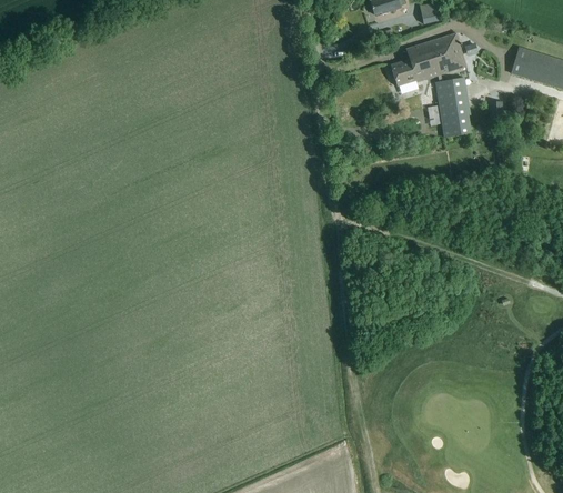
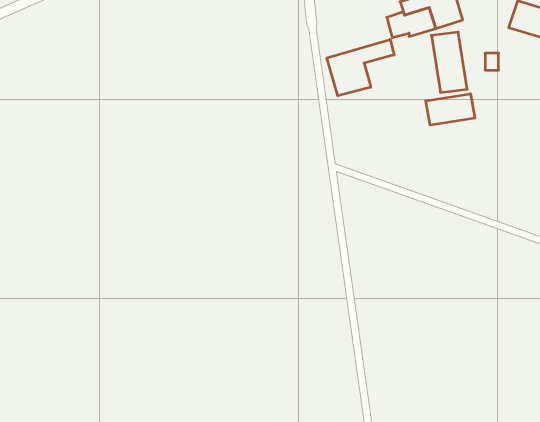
building: none -> [327,39,394,96]
building: none -> [426,94,475,125]

